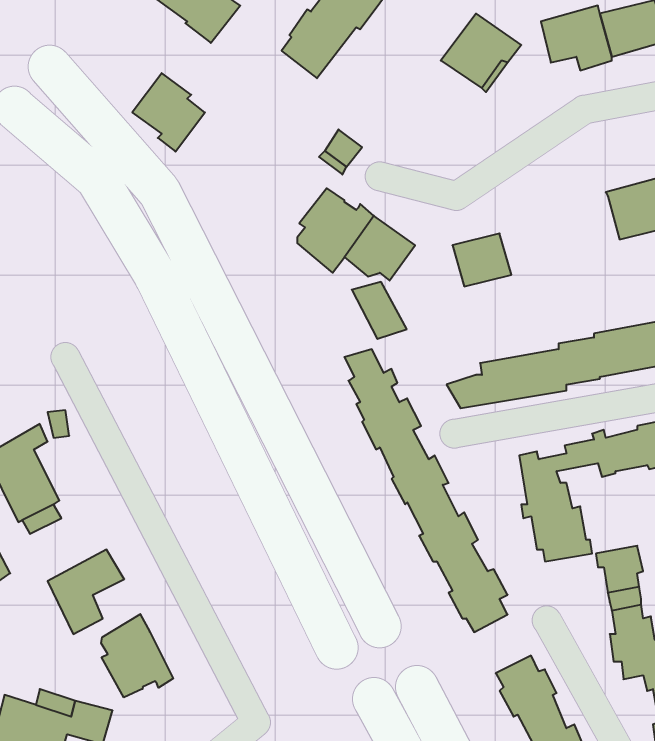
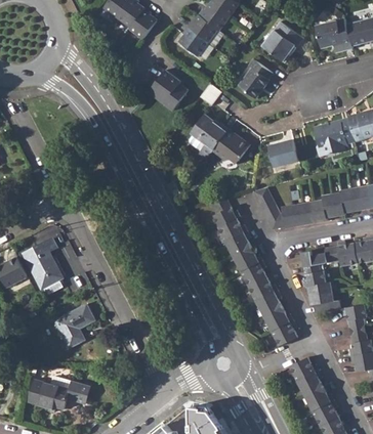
building: [132,73,205,152] -> [149,71,186,112]
building: none -> [236,59,271,99]
building: none -> [313,119,354,159]
building: [352,282,407,339] -> [250,187,279,217]
building: [101,614,173,697] -> none

